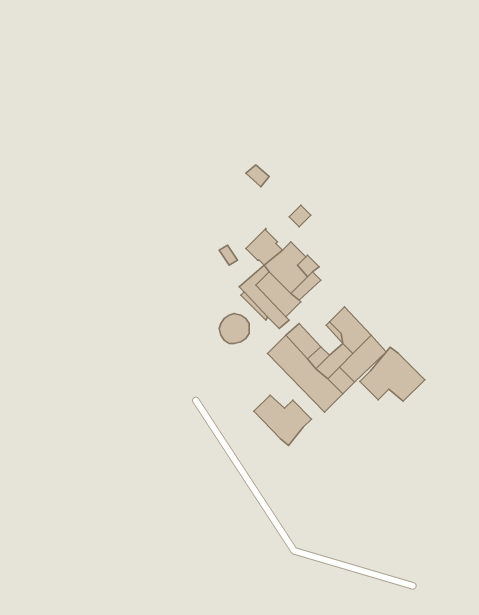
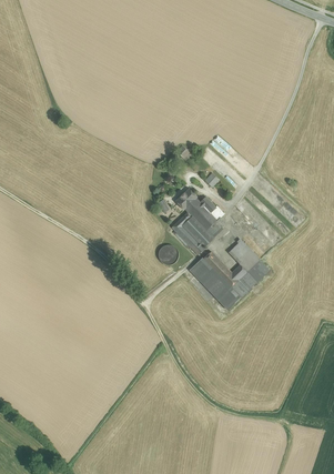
building: [360,347,425,401] -> none
building: [254,395,311,445] -> none

